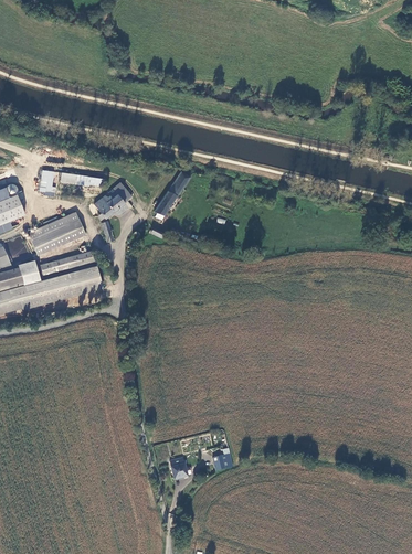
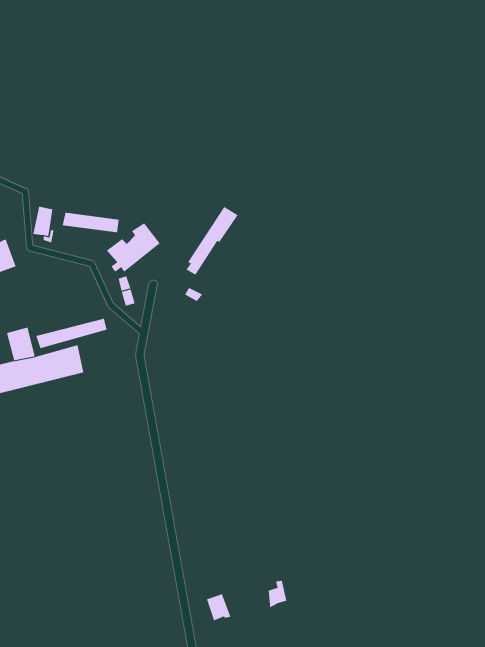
building: [28,212,83,253] -> none
building: [71,265,99,291] -> none

